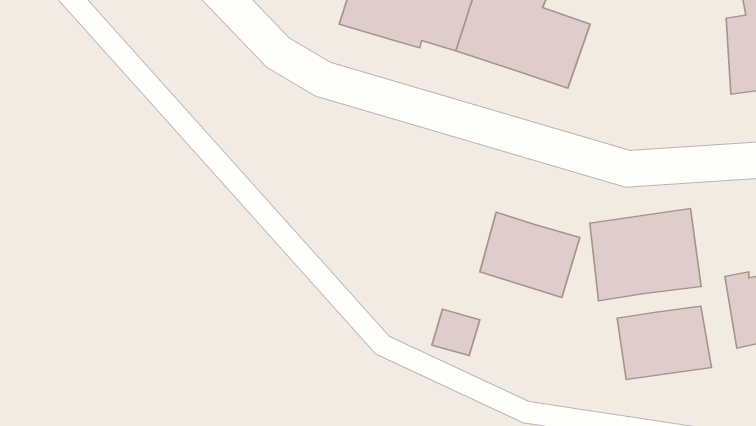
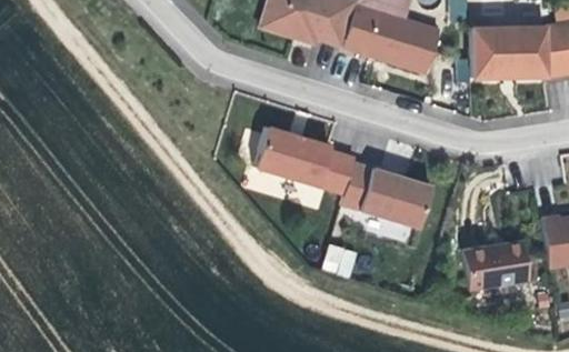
building: none -> [470,23,548,82]
building: none -> [244,125,359,199]
building: [590,208,701,301] -> none

